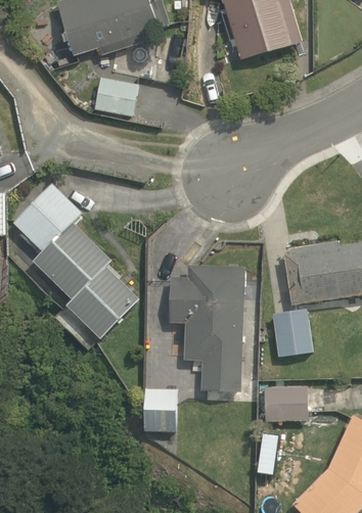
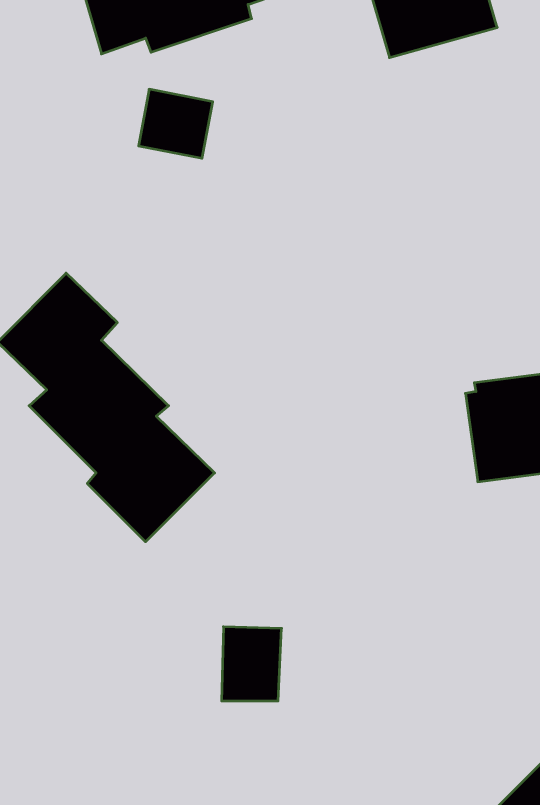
building: [169,265,245,391] -> none
building: [272,309,313,357] -> none
building: [264,386,308,421] -> none

